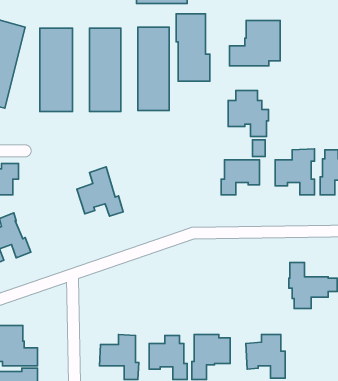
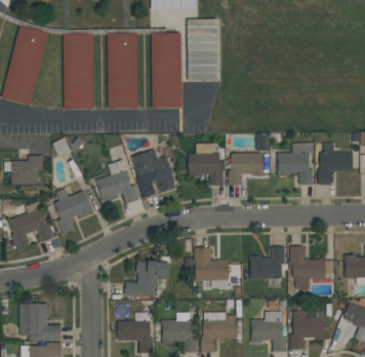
building: [230,21,280,66] -> none
building: [228,90,269,137] -> [189,144,226,186]
building: none -> [131,149,175,198]
building: none -> [53,188,91,234]
building: none -> [249,246,284,279]
building: none -> [195,248,229,287]
building: none -> [124,255,170,296]
building: none -> [290,311,325,350]

